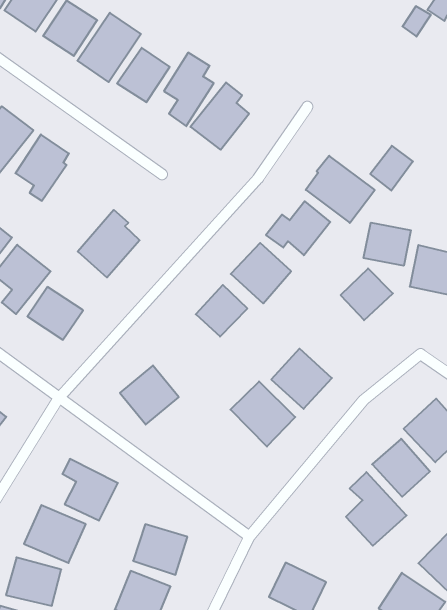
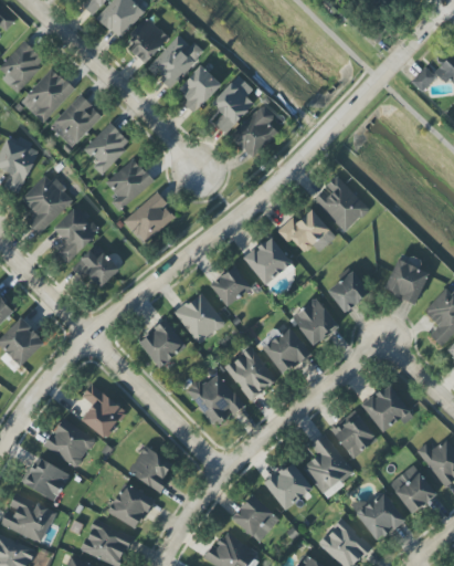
building: [370,146,413,191] -> none
building: none -> [105,158,155,210]
building: [364,223,411,266] -> none
building: none -> [292,298,338,345]
building: none -> [175,292,224,344]
building: none -> [186,374,245,426]
building: none -> [265,462,313,510]

